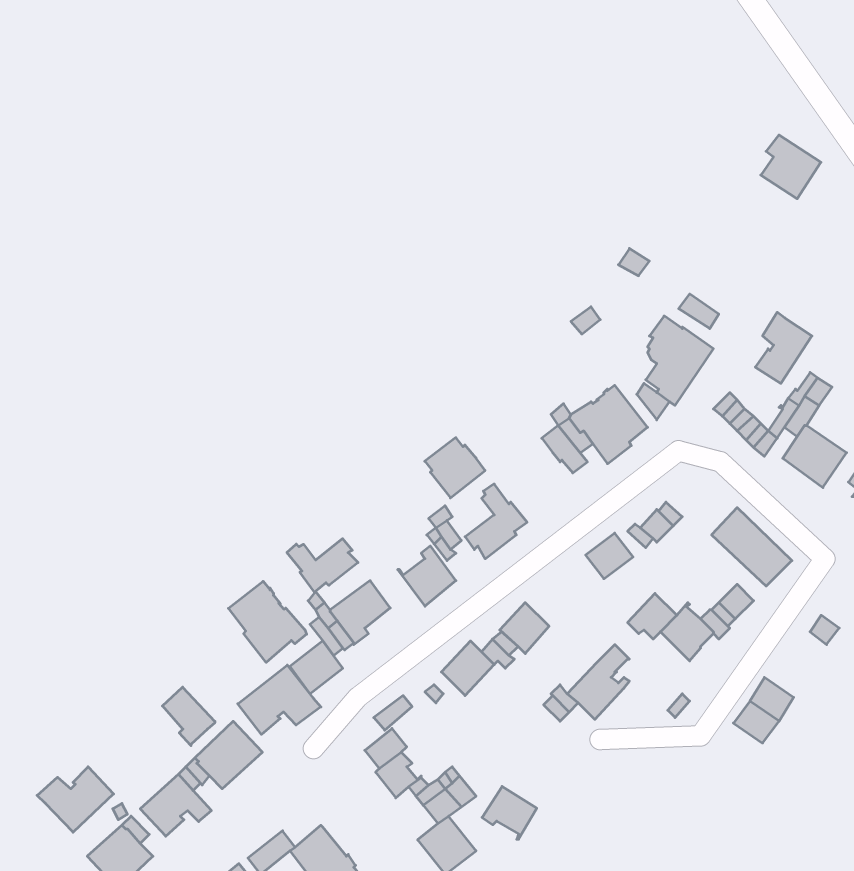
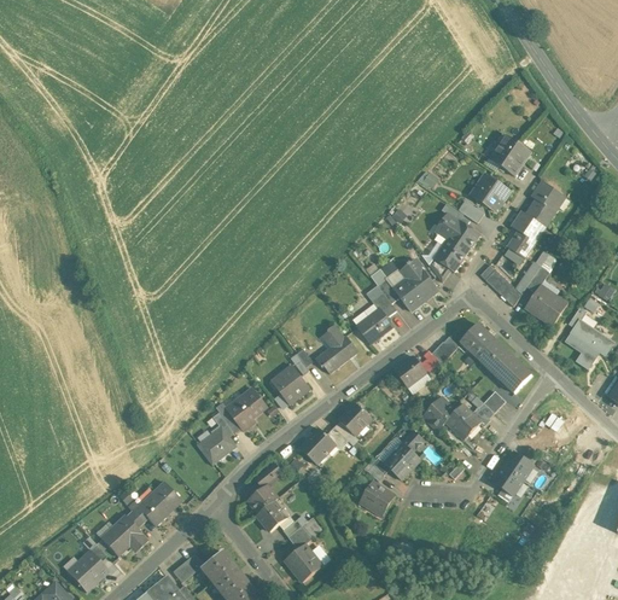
building: [761,135,821,199] -> [490,134,530,176]
building: none -> [474,175,509,211]
building: none -> [526,182,564,227]
building: [425,438,485,498] -> [352,304,392,344]
building: none -> [460,324,495,359]
building: [287,539,358,592] -> none
building: [228,581,307,662] -> none
building: [238,665,321,734] -> none
building: [162,687,215,746] -> none
building: [37,767,114,832] -> none
building: [482,786,537,839] -> [358,482,395,517]

